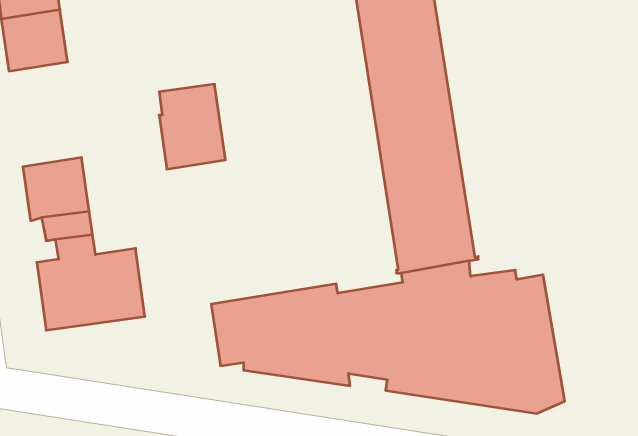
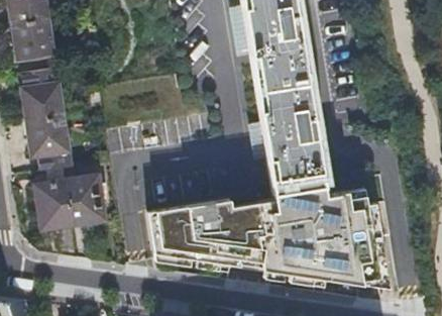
building: [159,84,225,169] -> [20,68,64,123]

